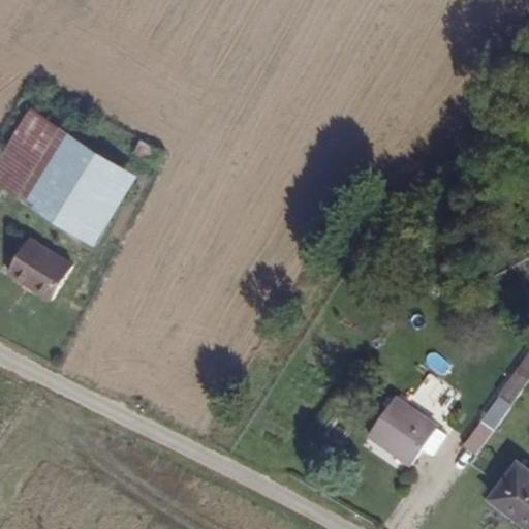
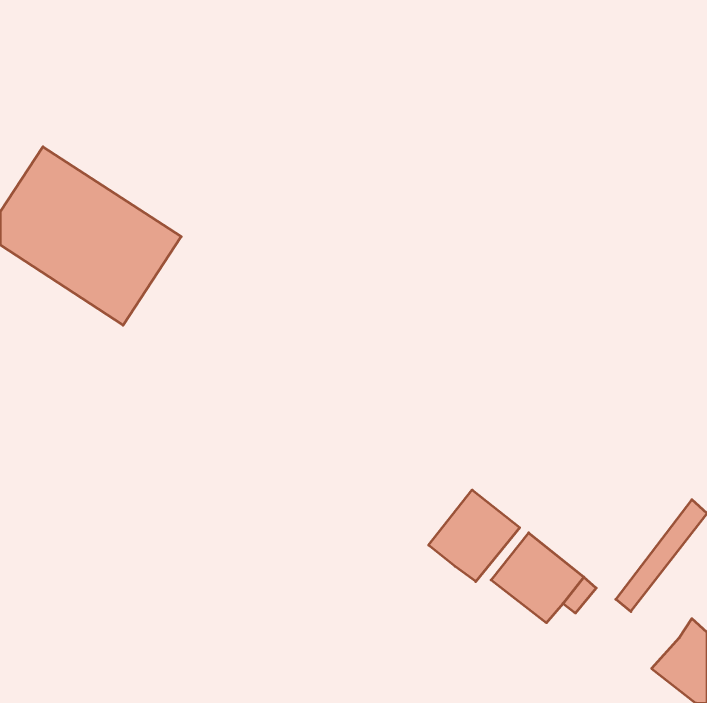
building: [5,239,71,300] -> none
building: none -> [429,490,520,582]

